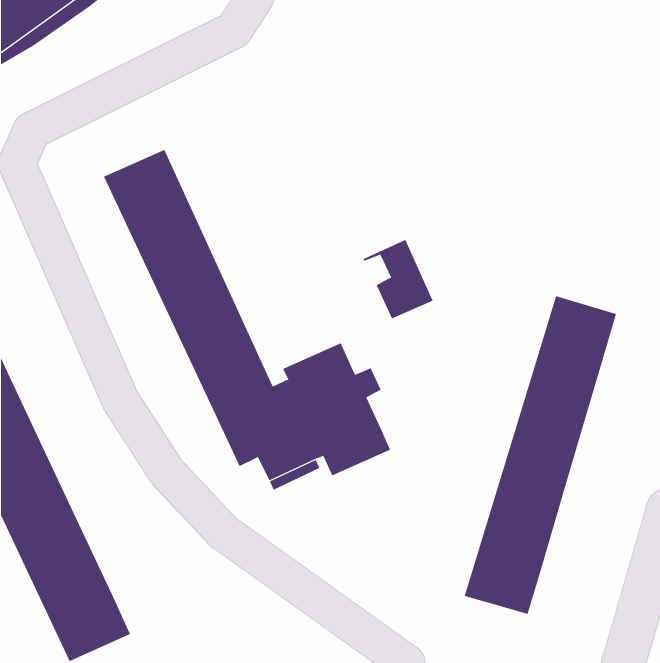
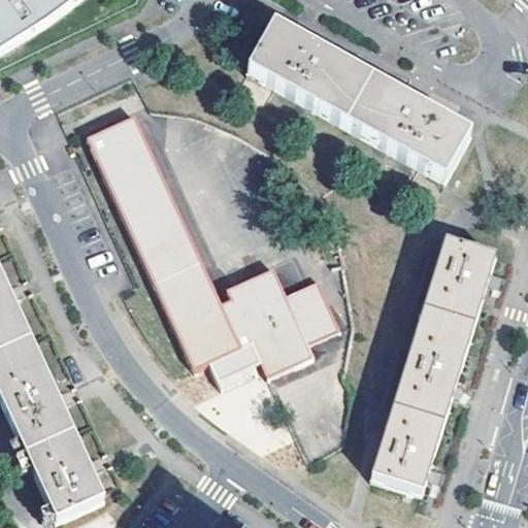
building: none -> [244,21,467,175]
building: [363,239,433,319] -> [286,277,341,340]

